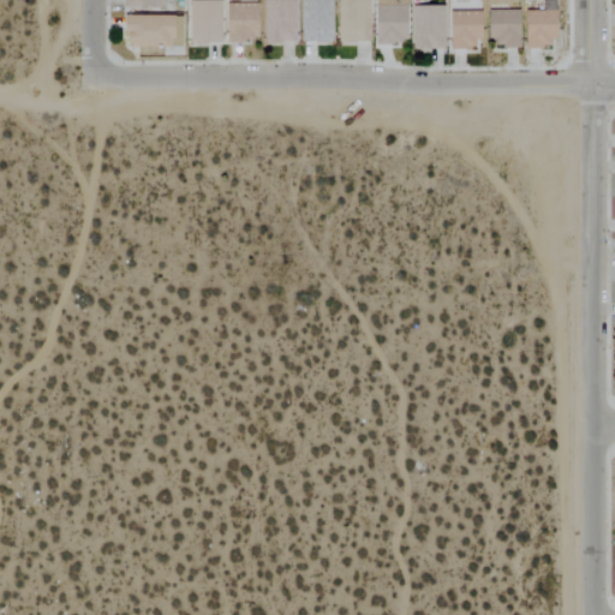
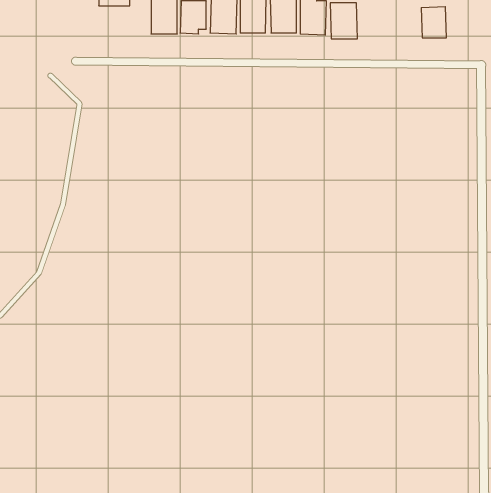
building: [489,7,523,47] -> none
building: [452,8,483,48] -> none
building: [127,13,186,46] -> none

